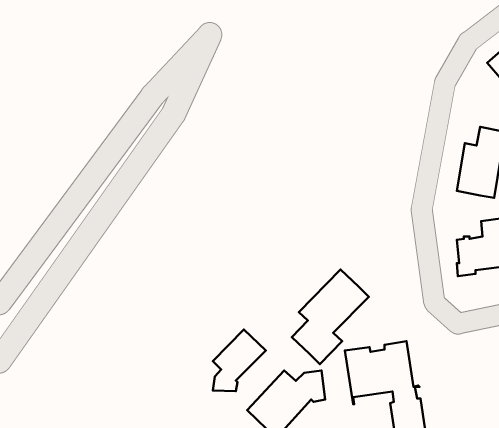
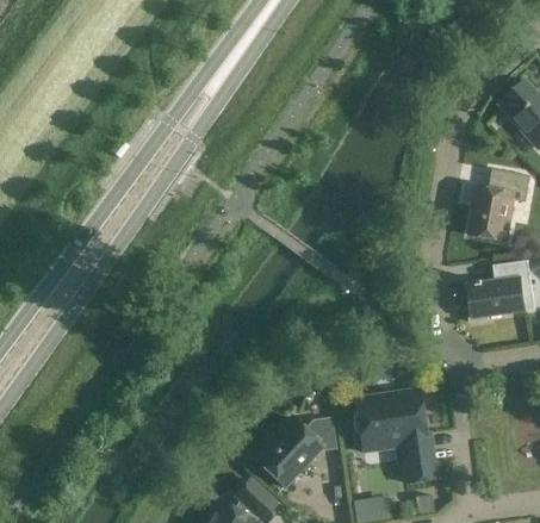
building: [292,270,369,364] -> none
building: [213,329,266,391] -> none

